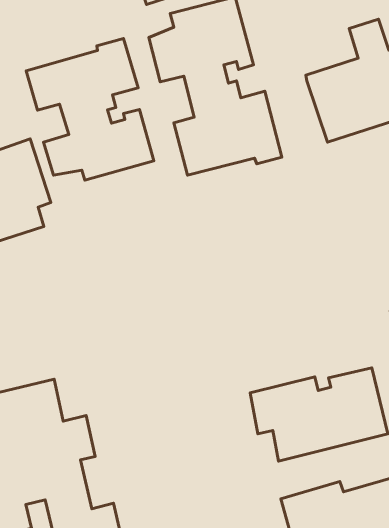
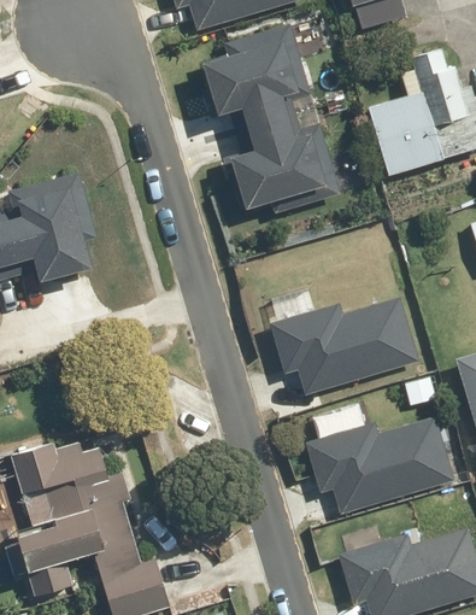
building: [26,39,154,180] -> none
building: none -> [268,298,416,397]

